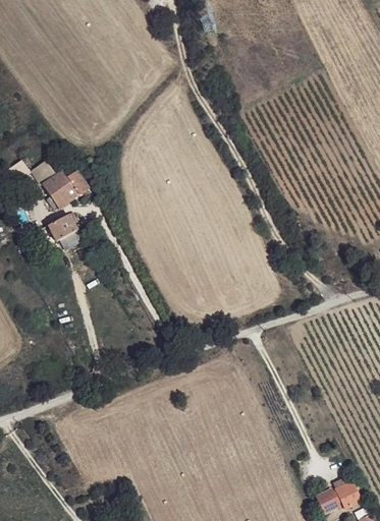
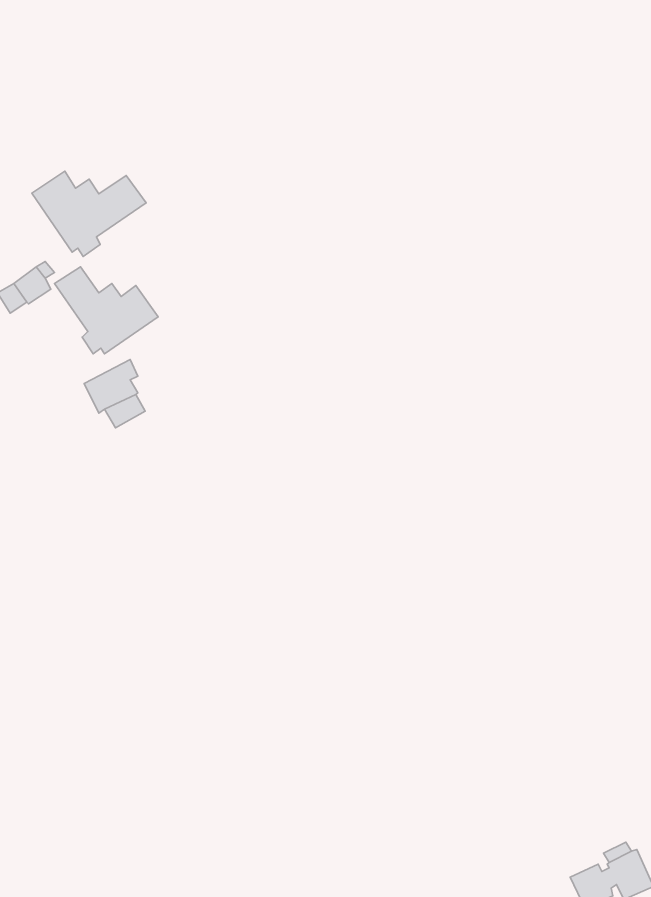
building: none -> [32,171,146,257]

